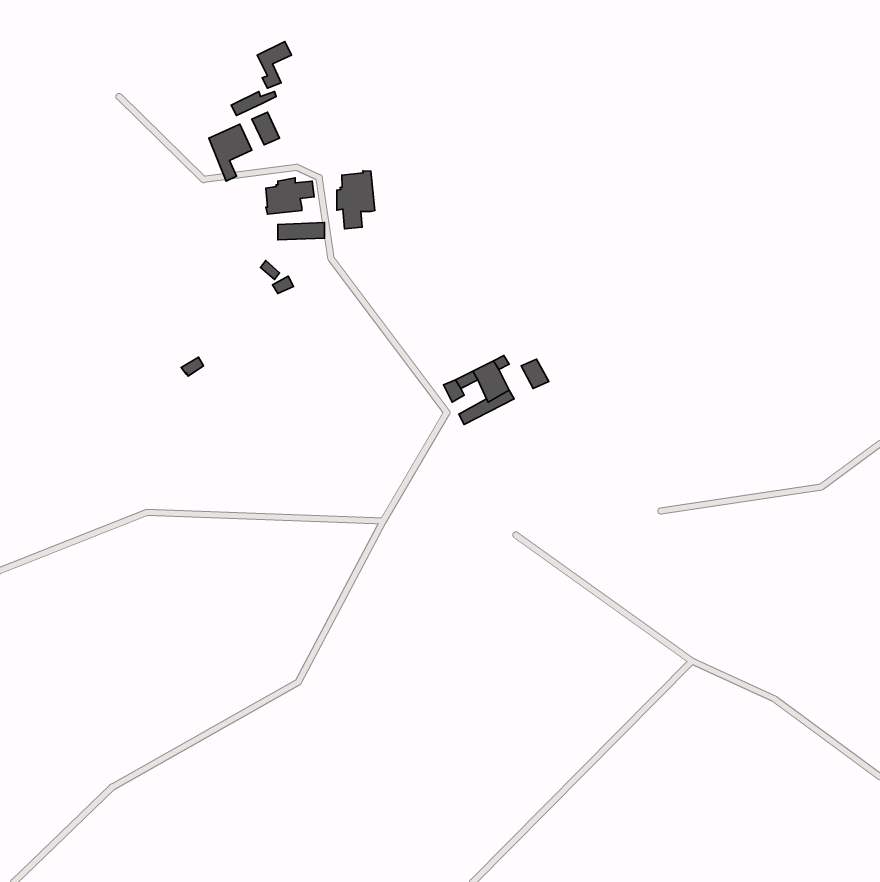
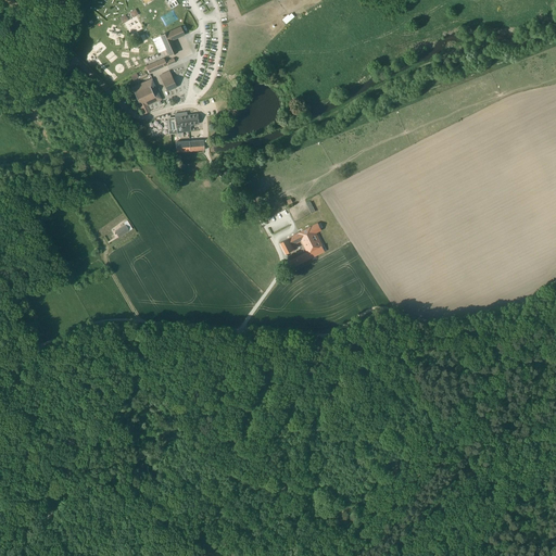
building: [337,171,375,229] -> none

